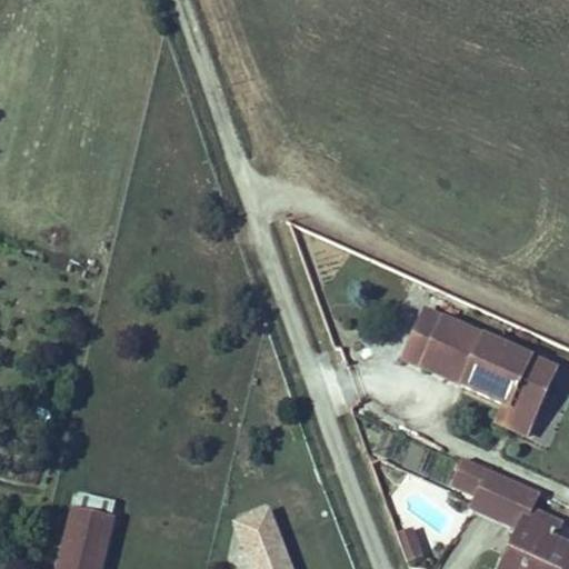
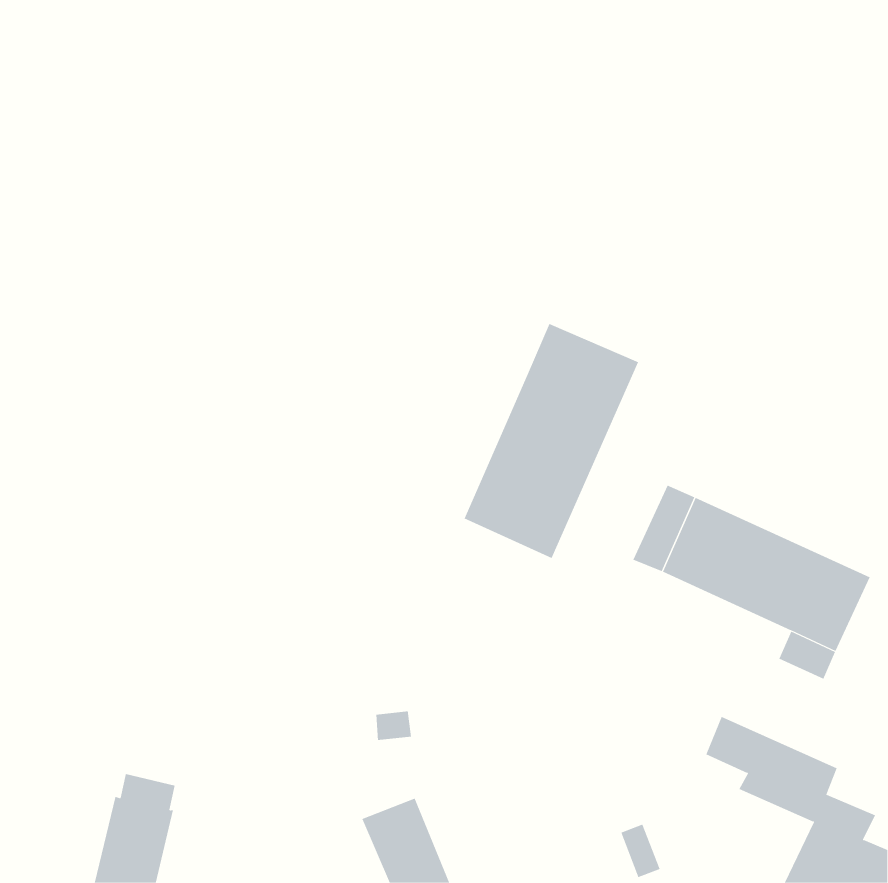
building: none -> [464,323,639,559]

